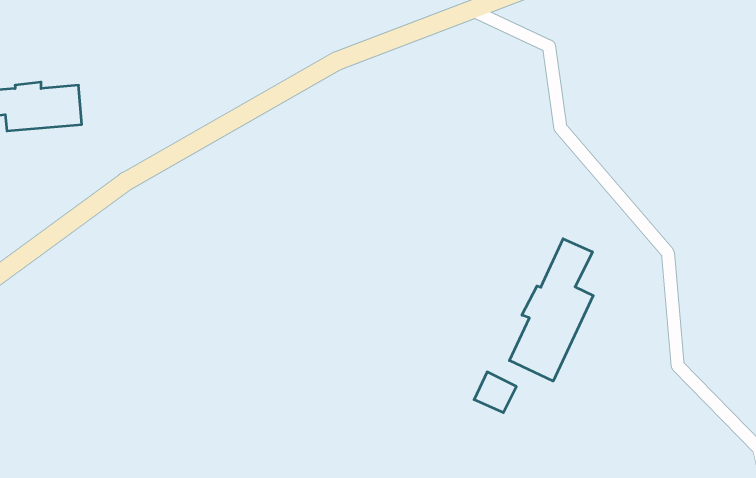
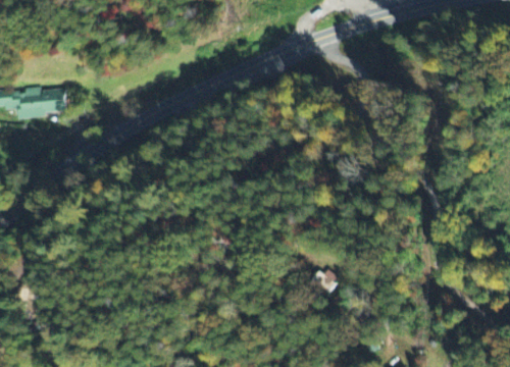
building: [509,239,593,381] -> none

